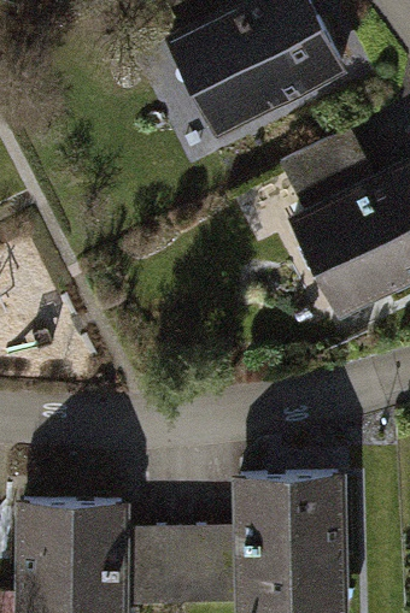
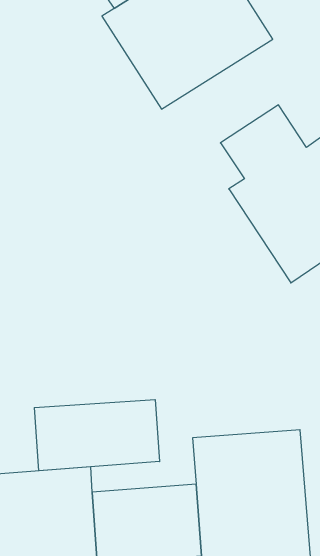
building: none -> [34,400,160,471]

